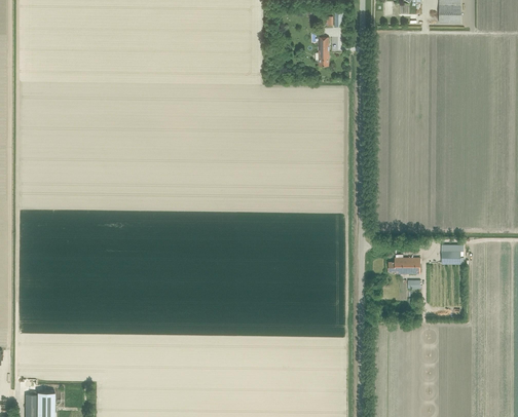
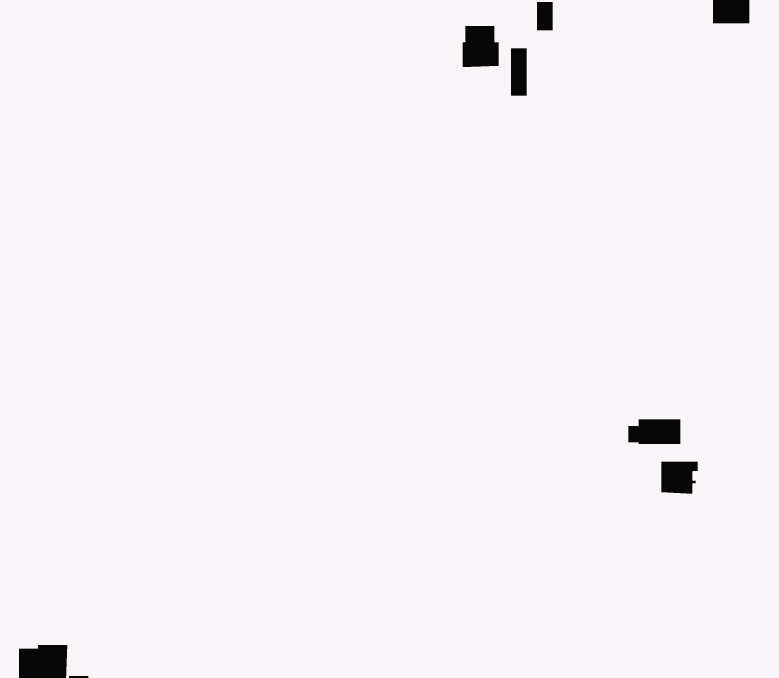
building: none -> [462,25,499,68]
building: [440,245,462,265] -> [660,461,698,494]

